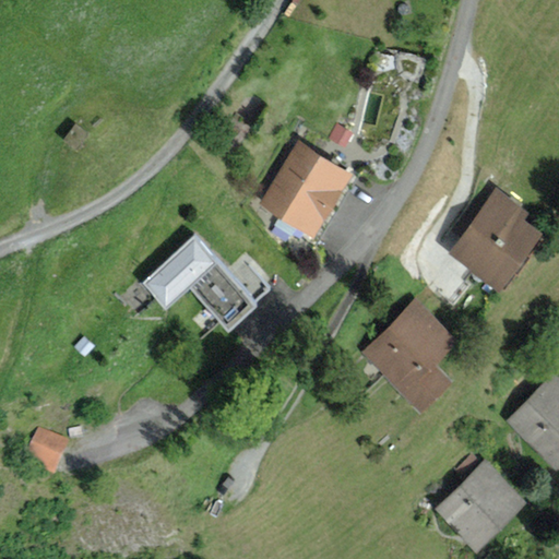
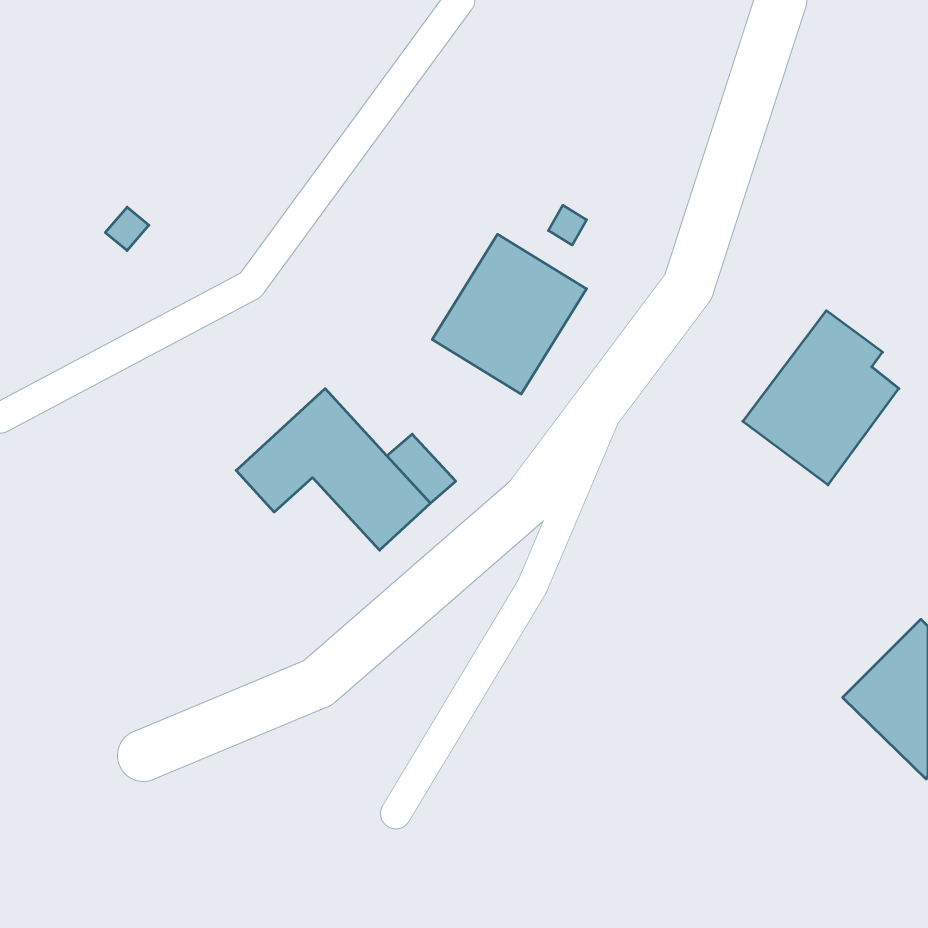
building: [362,298,460,411] -> none
building: [22,428,71,477] -> none
building: [433,459,525,550] -> none

